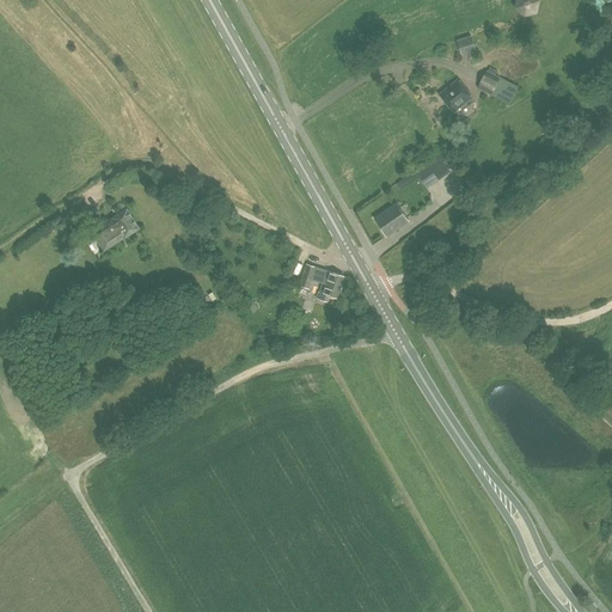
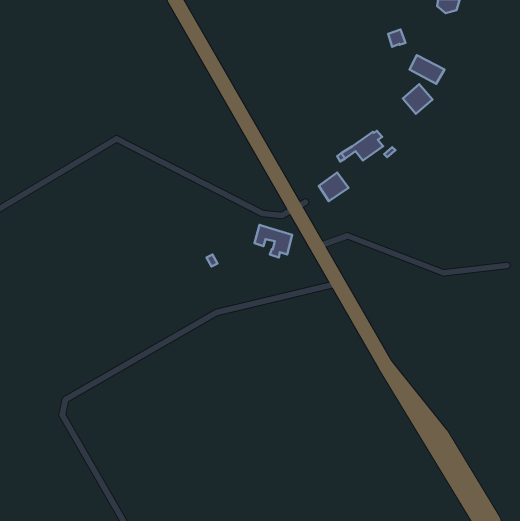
building: [437,78,472,112] -> [403,84,432,114]
building: [90,208,137,250] -> none

